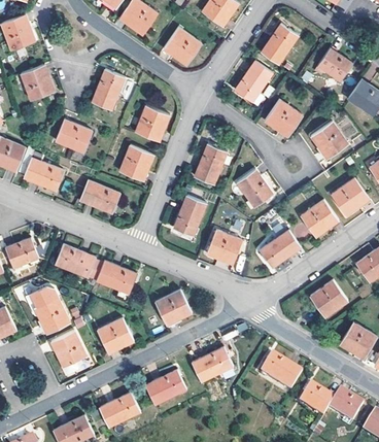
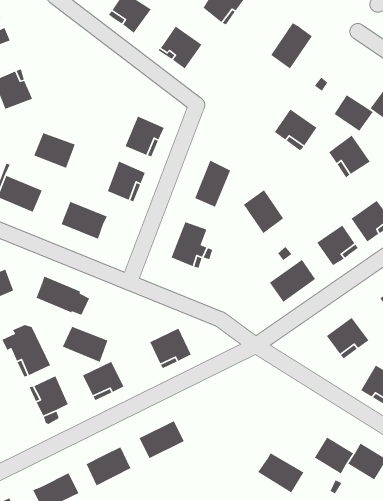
building: [317,48,352,81] -> [333,94,374,132]
building: [235,61,272,102] -> none
building: [91,69,124,109] -> none
building: [206,230,242,265] -> none
building: [97,262,137,294] -> [62,326,108,363]
building: [192,347,233,382] -> none
building: [260,355,301,392] -> [257,452,305,494]

